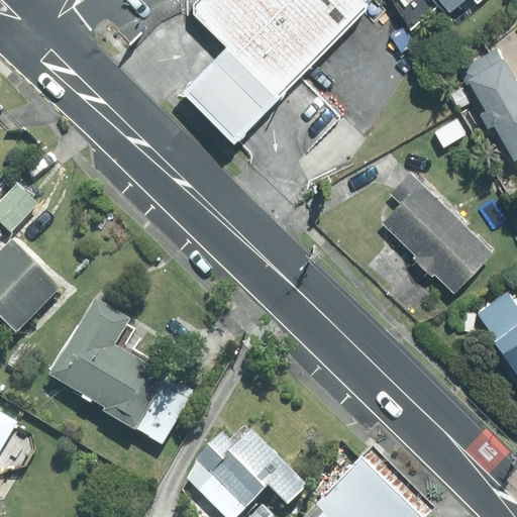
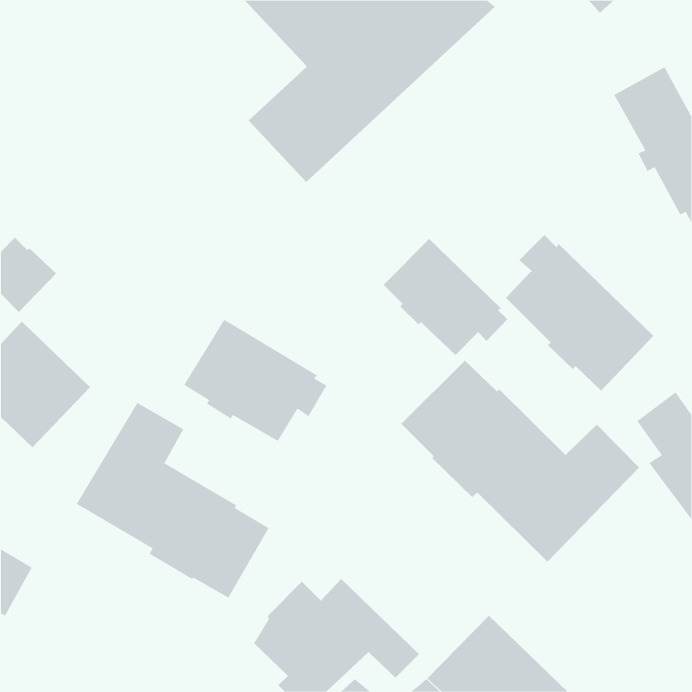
building: none -> [383,238,508,356]
building: none -> [183,319,327,442]
building: none -> [400,360,640,563]

